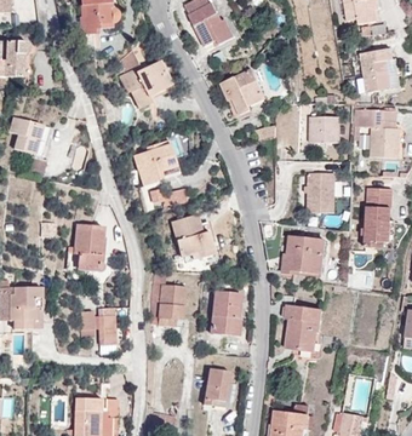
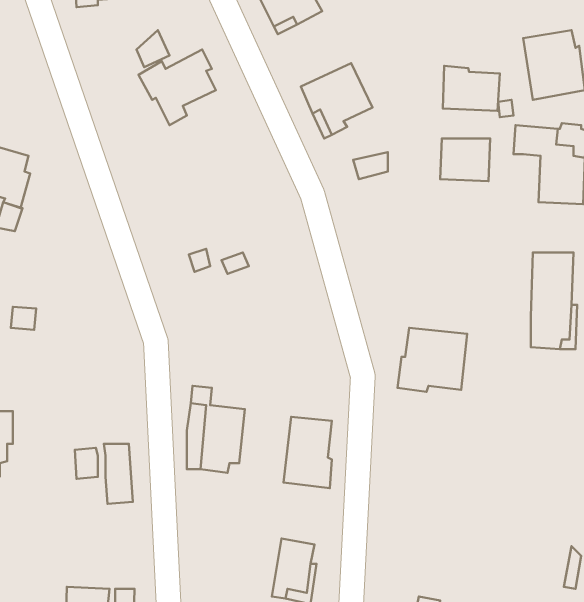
building: none -> [443,66,500,111]
building: [135,139,177,185] -> none
building: [308,172,341,212] -> none
building: [171,213,217,263] -> none
building: [74,224,104,266] -> none
building: [286,304,324,352] -> none

